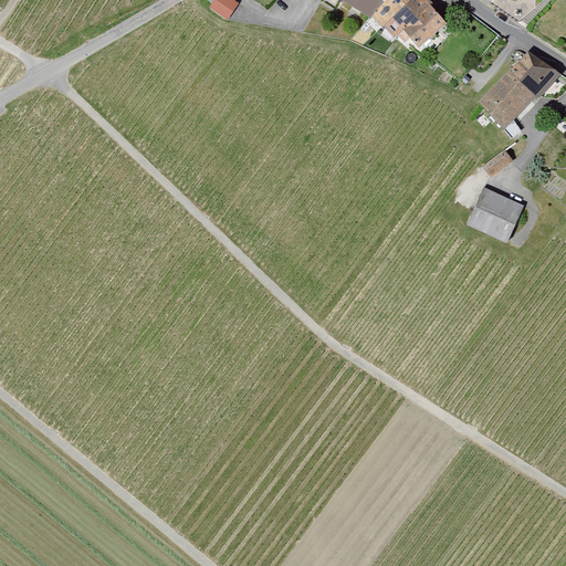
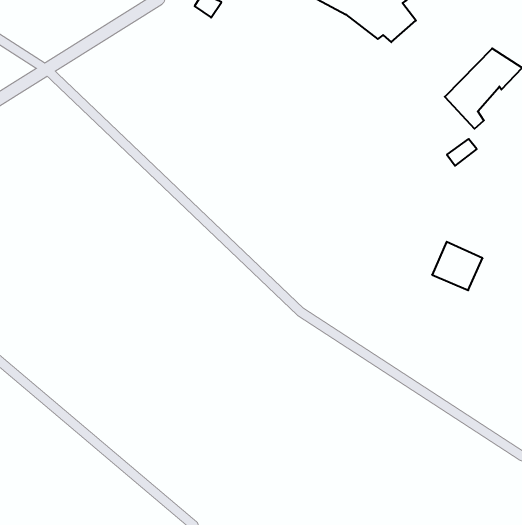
building: [468,189,522,241] -> [432,242,483,290]

